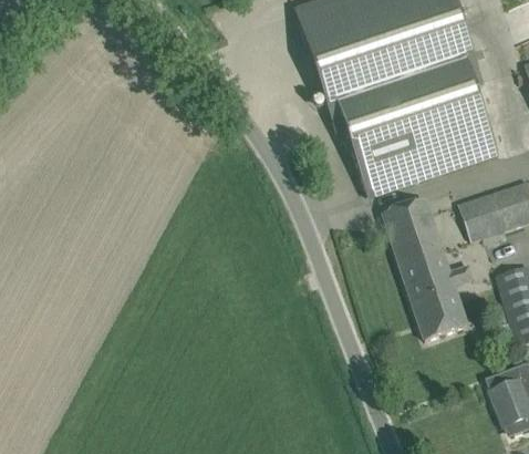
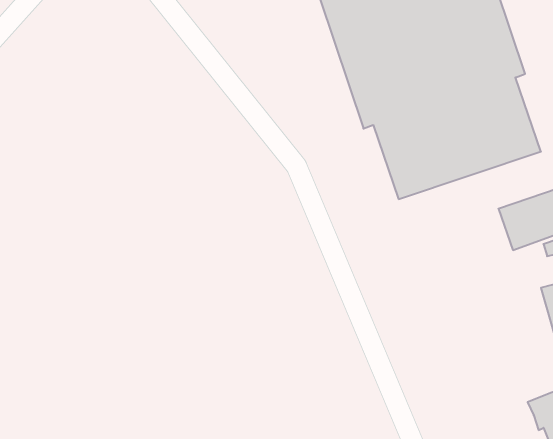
building: [384,198,468,339] -> none

